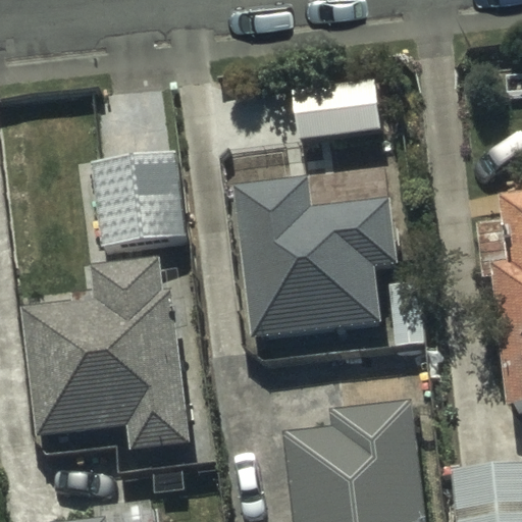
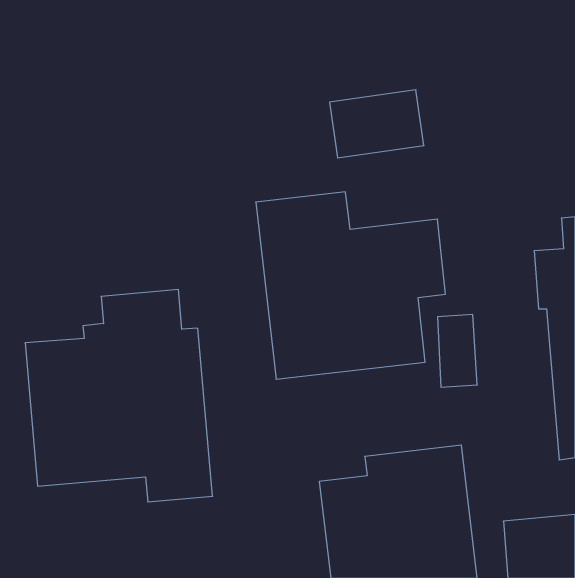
building: [92,153,188,253] -> none

